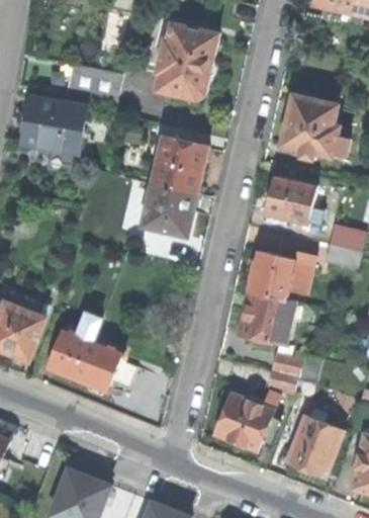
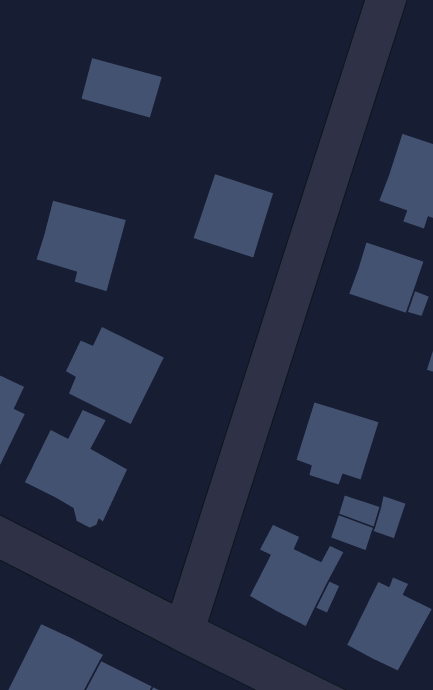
building: [157,23,218,99] -> none
building: [22,98,84,160] -> [36,200,127,292]
building: [142,184,196,236] -> none
building: [248,251,313,299] -> none
building: none -> [65,326,165,425]

